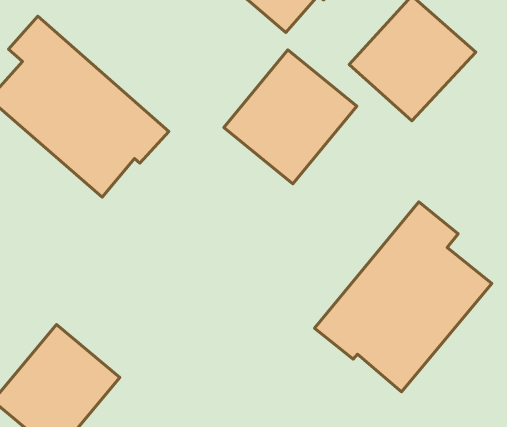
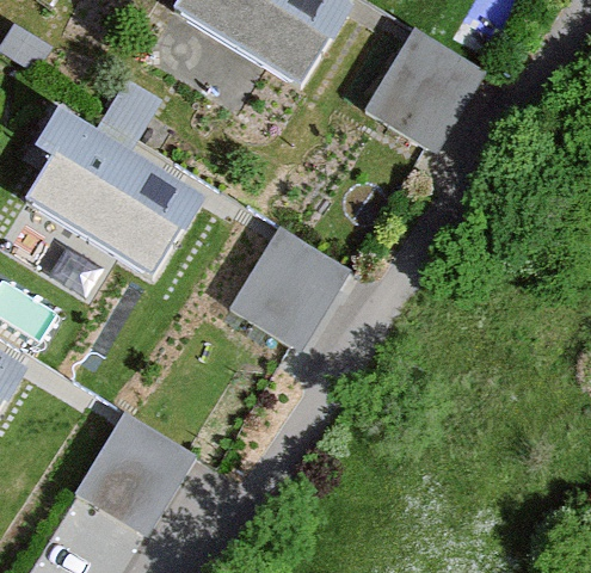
building: [224,50,357,184] -> [227,223,352,352]
building: [315,202,492,392] -> none

